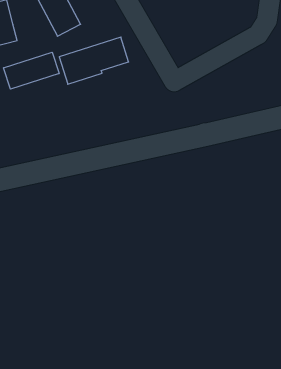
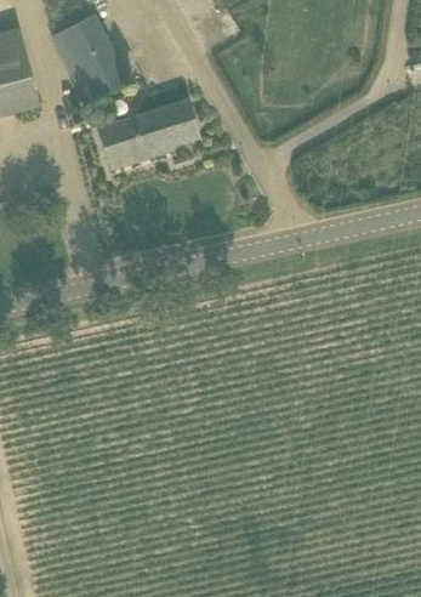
building: [4,52,59,89] -> none

